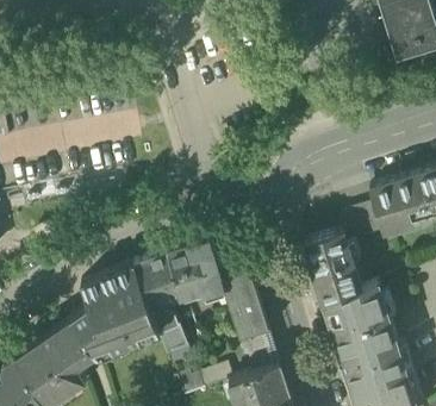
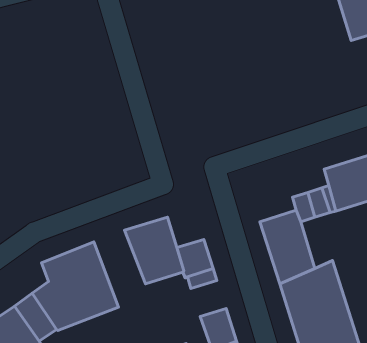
building: [135,254,188,357] -> none
building: [233,305,269,342] -> none

